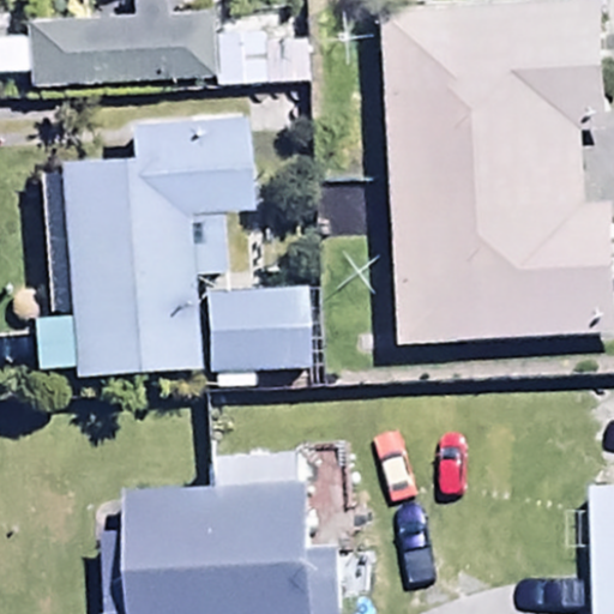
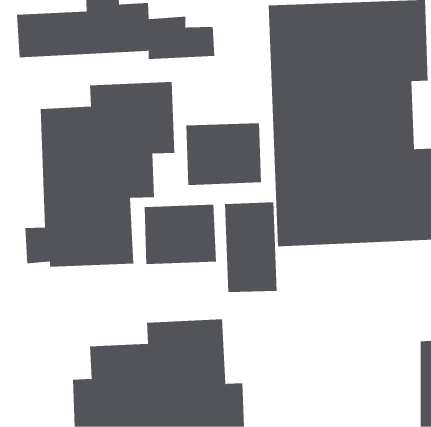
building: none -> [186,123,262,186]
building: none -> [225,201,277,293]

